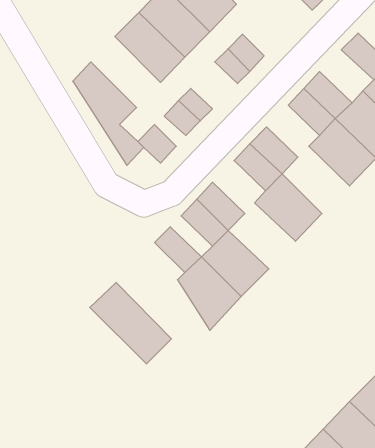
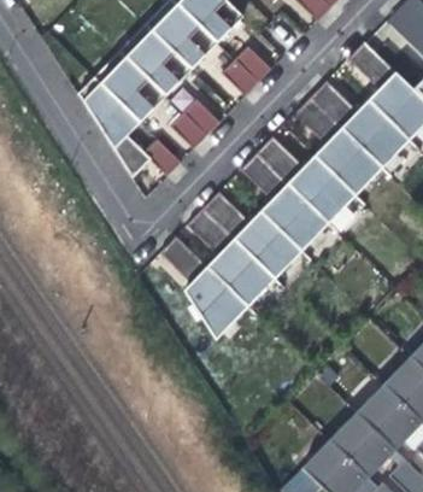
building: none -> [98,46,168,117]
building: none -> [289,156,357,223]
building: none -> [235,212,302,279]
building: [90,282,171,364] -> none

